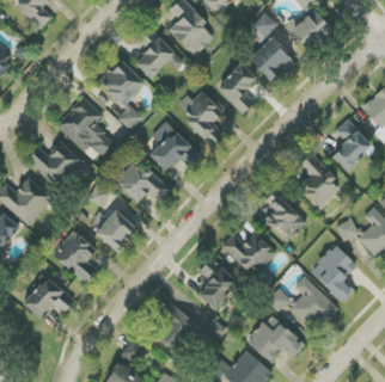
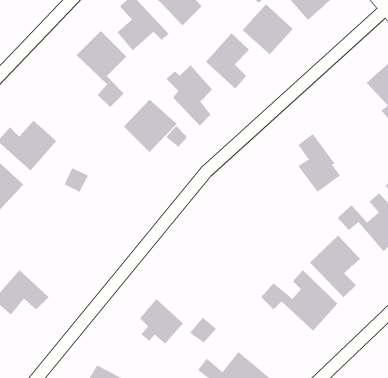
building: [57,98,117,160] -> none
building: [331,118,374,172] -> none
building: [115,161,170,202] -> none
building: [262,190,306,240] -> none
building: [94,210,135,251] -> none
building: [57,230,98,284] -> none
building: [222,232,276,276] -> none
building: [197,258,238,308] -> none
building: [245,322,304,362] -> none

